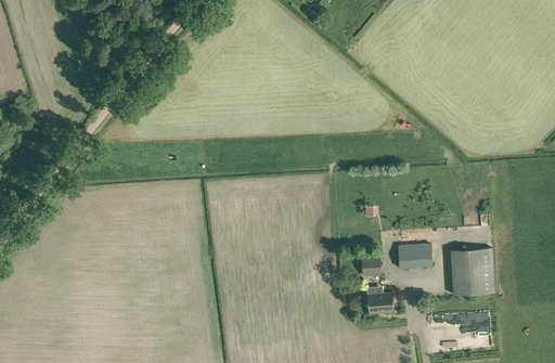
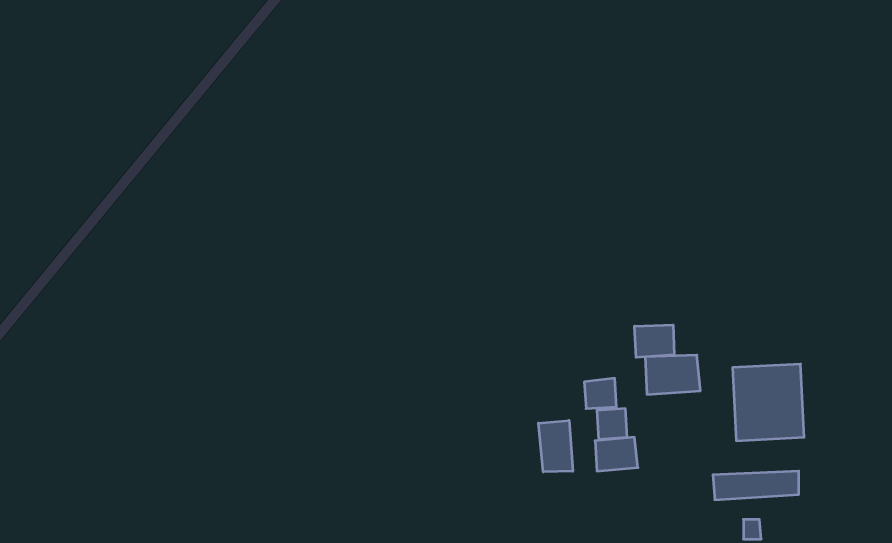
building: none -> [635,325,674,357]
building: none -> [538,420,573,472]

